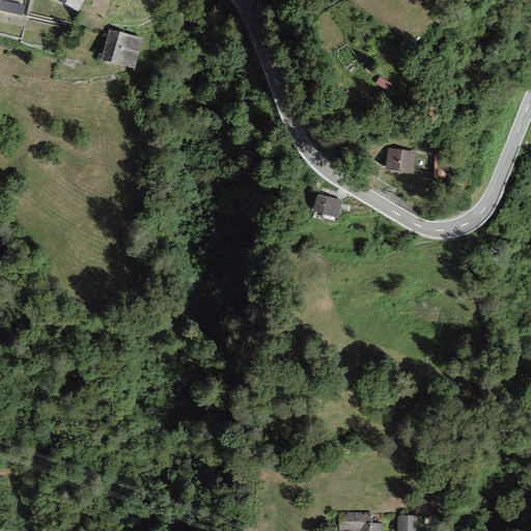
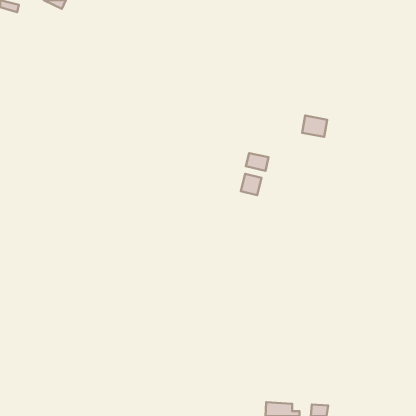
building: [102,29,142,68] -> none
building: none -> [241,174,262,195]

